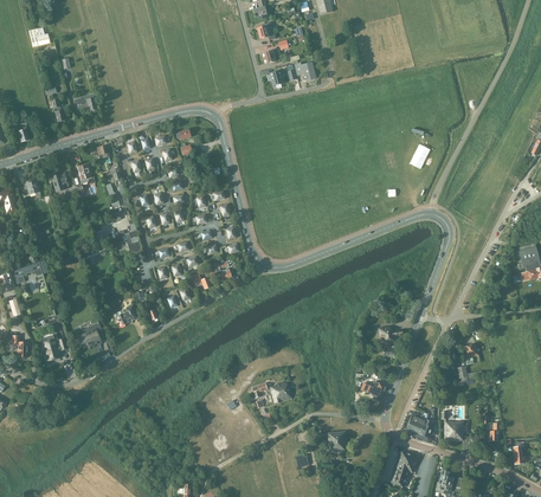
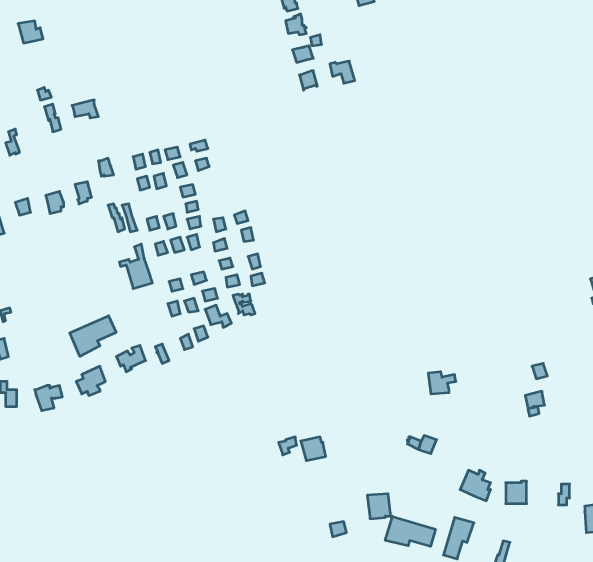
building: none -> [70,316,116,356]
building: none -> [385,516,435,546]

